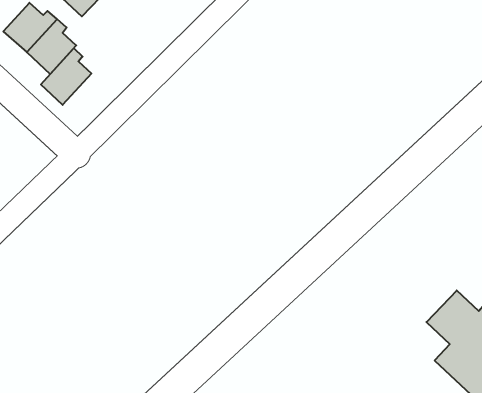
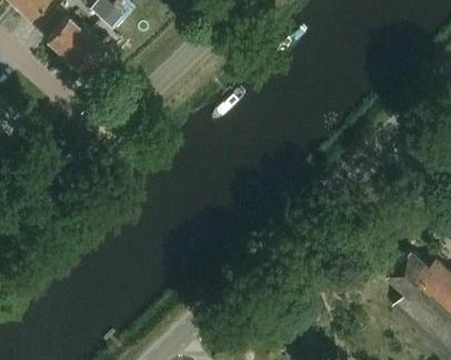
building: [41,48,91,105] -> none

